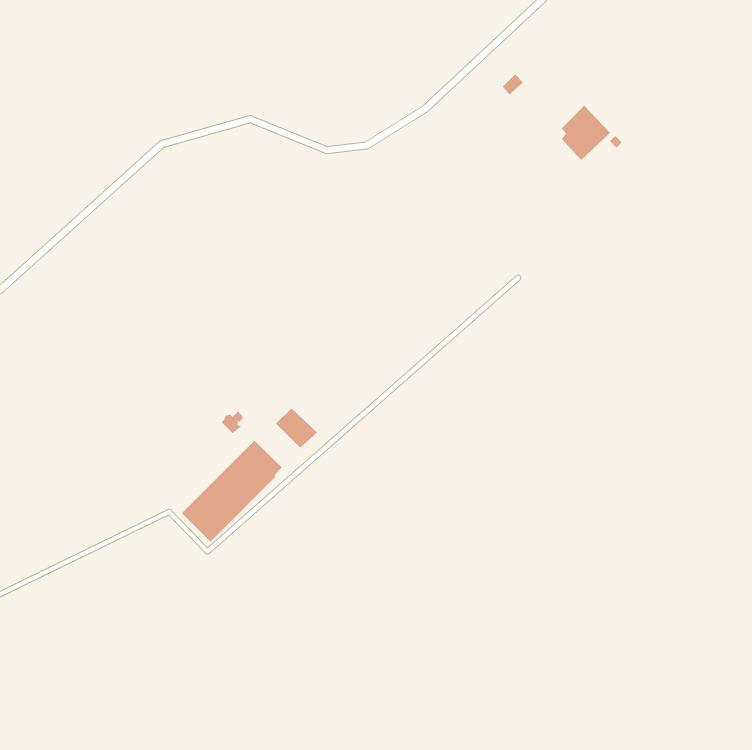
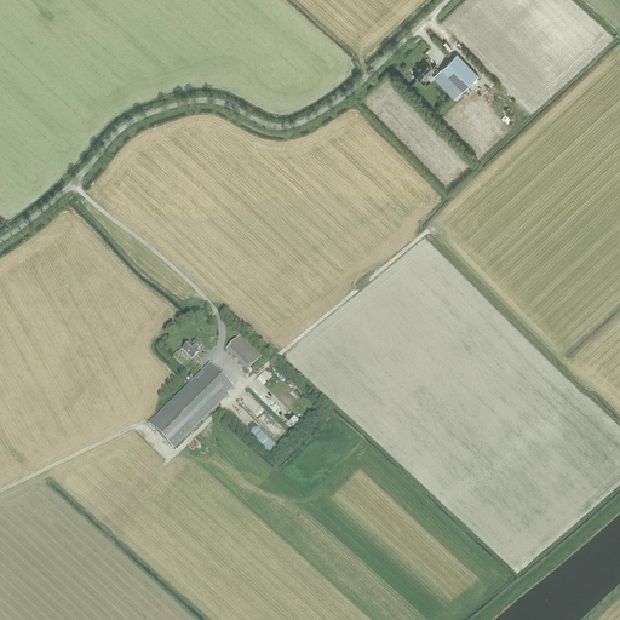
building: [561,105,611,161] -> [437,52,478,98]

